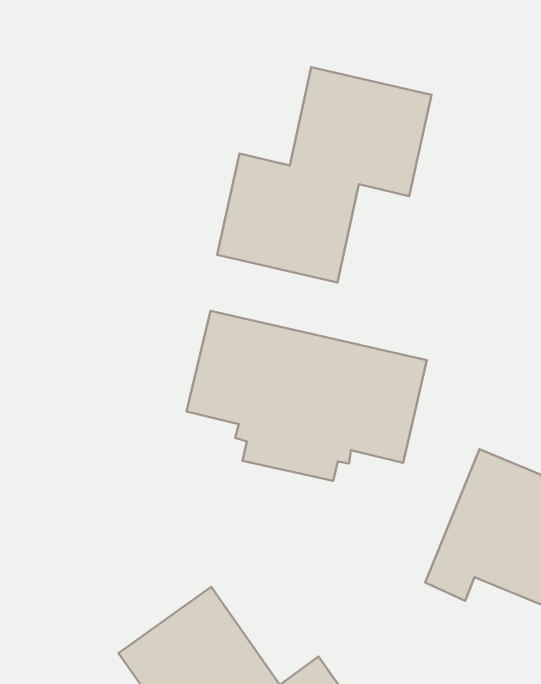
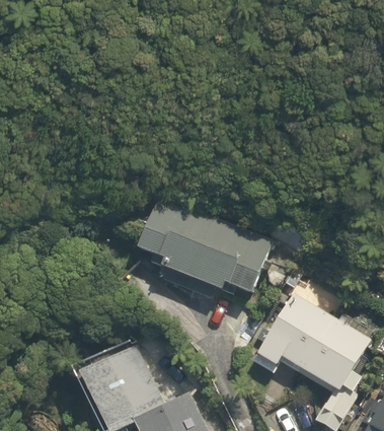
building: [217,67,431,282] -> none

